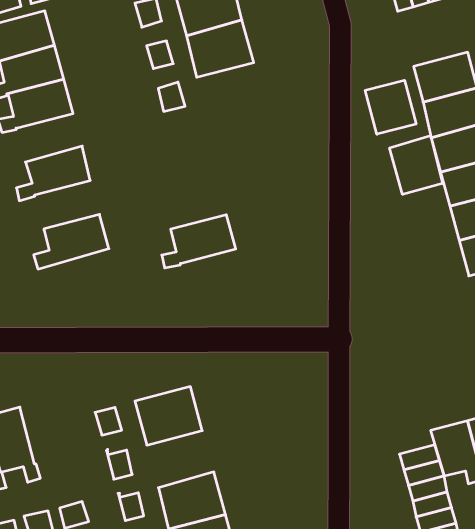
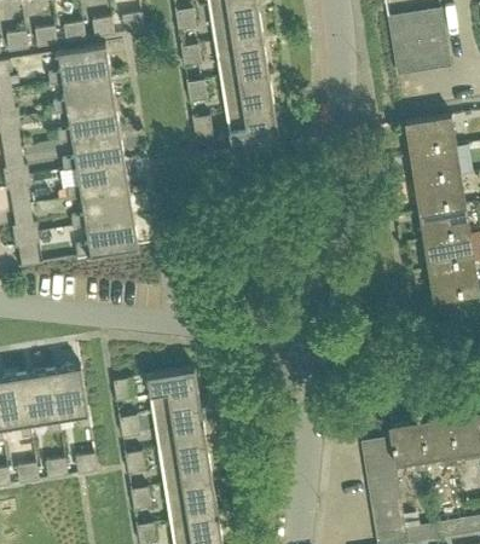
building: none -> [225,106,279,151]
building: [365,80,416,134] -> none
building: none -> [62,133,125,172]
building: [390,136,443,194] -> none
building: [162,215,236,268] -> [71,190,133,228]
building: none -> [51,366,91,429]
building: none -> [152,406,206,450]

